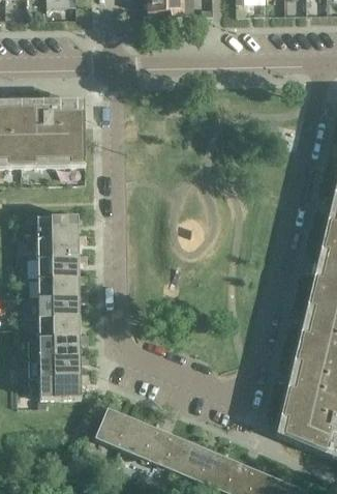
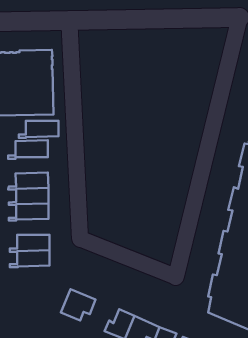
building: [26,237,76,259] -> [19,121,58,138]
building: [28,316,79,339] -> none
building: [29,376,80,398] -> none
building: [118,419,159,460] -> none

